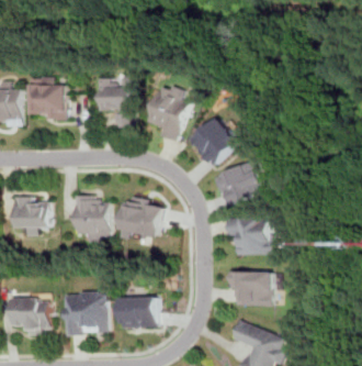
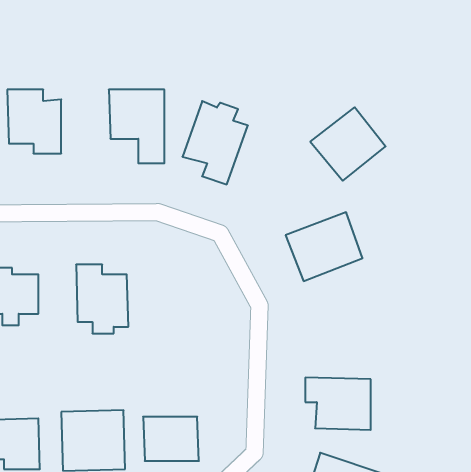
building: [191,117,241,166] -> [310,107,386,181]
building: [124,196,162,237] -> none
building: [228,218,281,254] -> none

